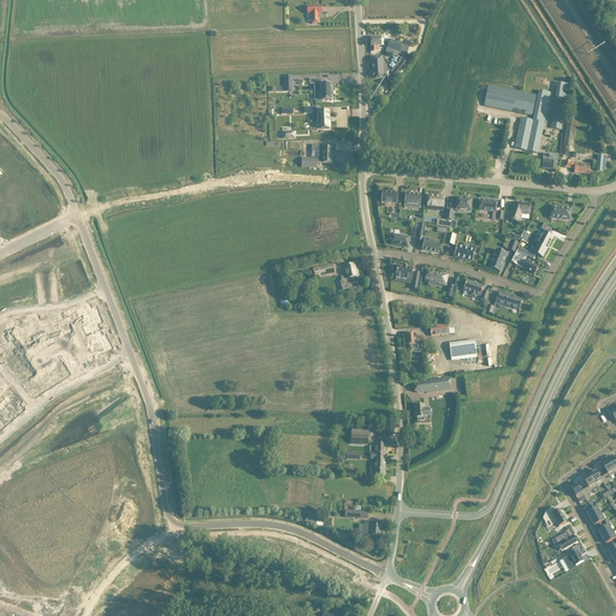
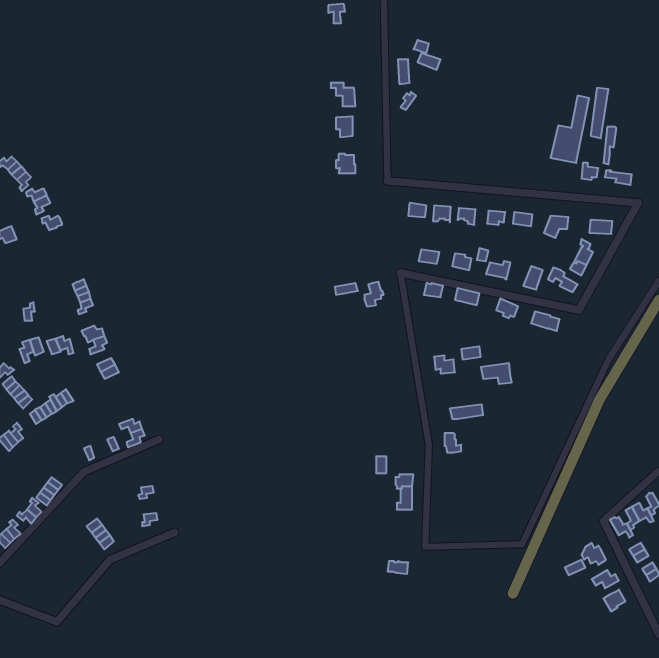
building: [482,84,534,114] -> none

